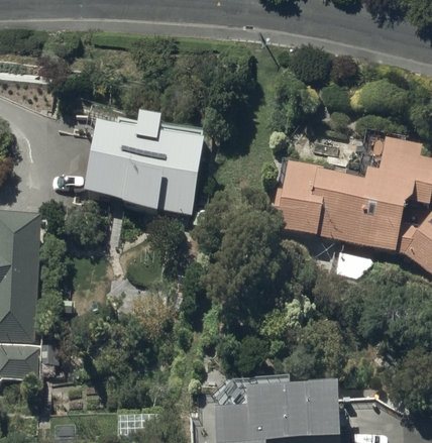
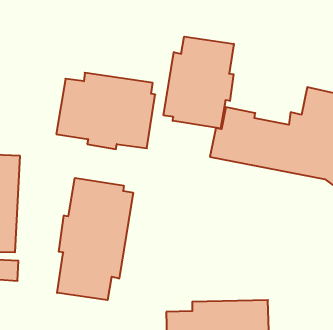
building: none -> [164,37,234,128]
building: none -> [57,178,133,300]

